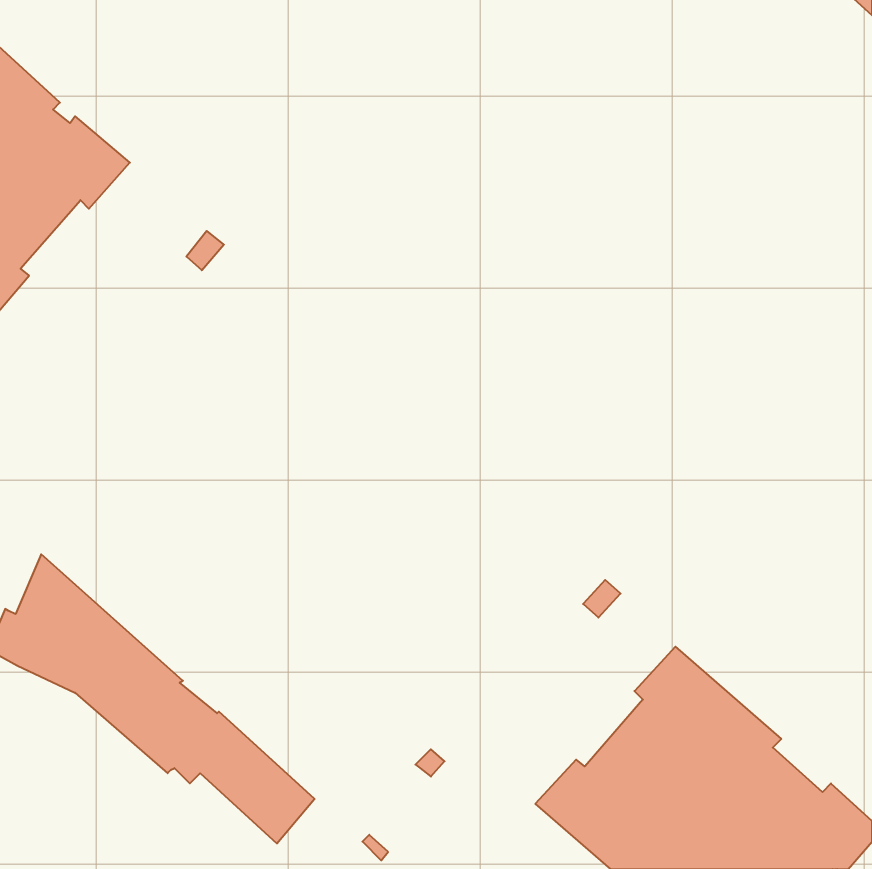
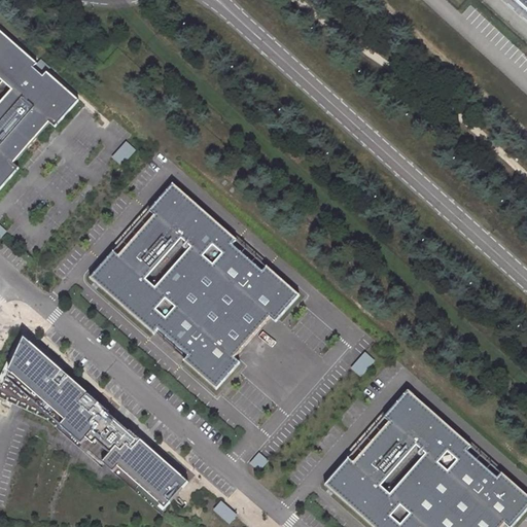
building: none -> [87,182,297,388]

